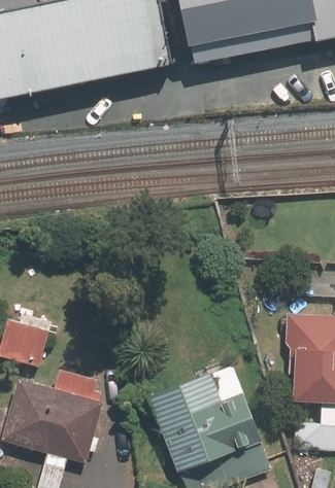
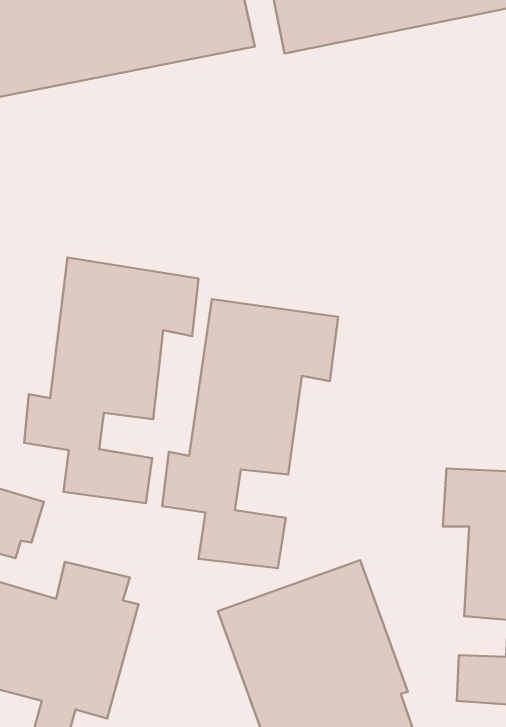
building: none -> [24,258,199,503]
building: none -> [162,299,338,568]

